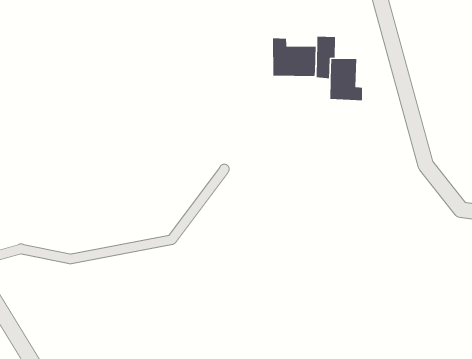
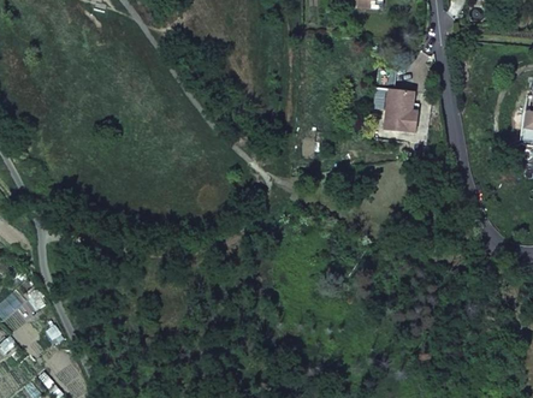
building: [272,37,316,77] -> none

